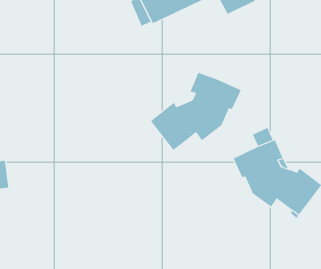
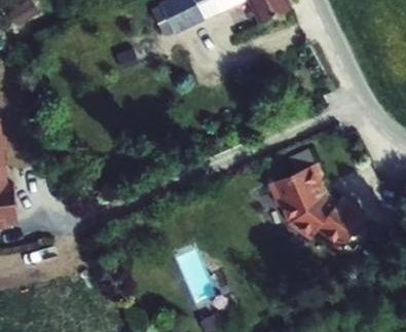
building: [150,72,241,151] -> none

